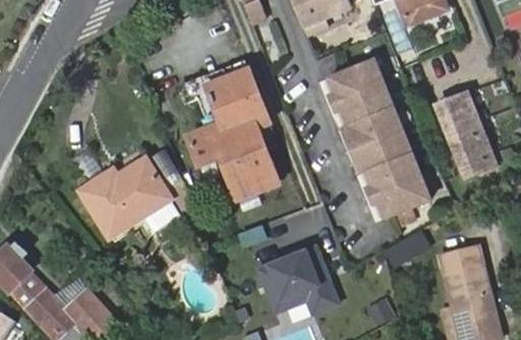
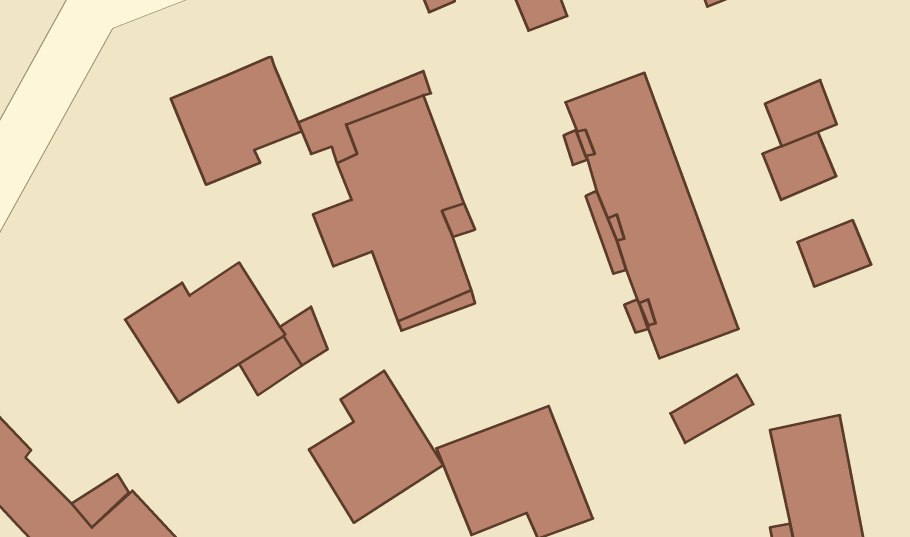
building: none -> [171,57,302,185]
building: [447,114,486,151] -> [765,80,837,146]
building: none -> [309,371,443,523]

